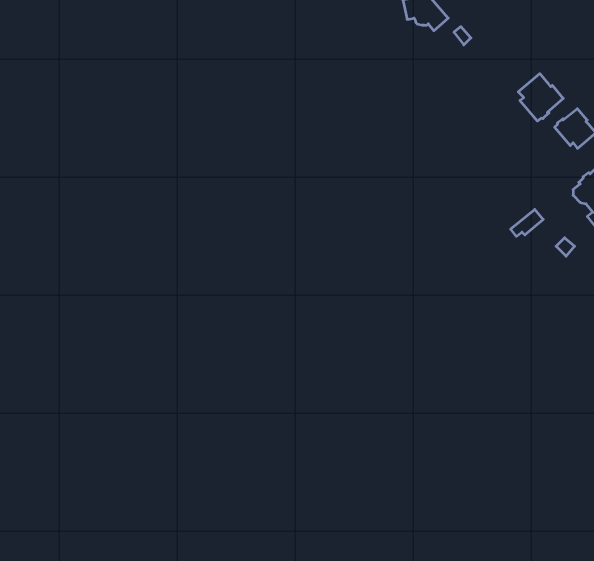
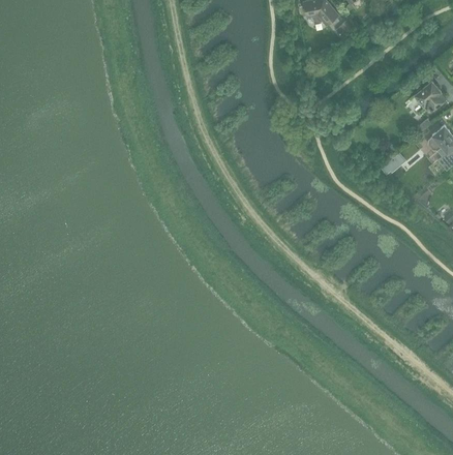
building: [518,74,563,121] -> none

